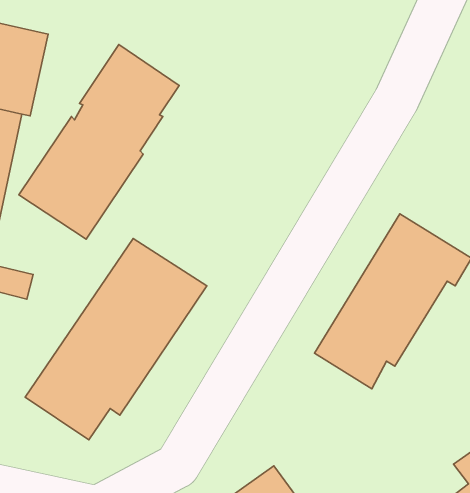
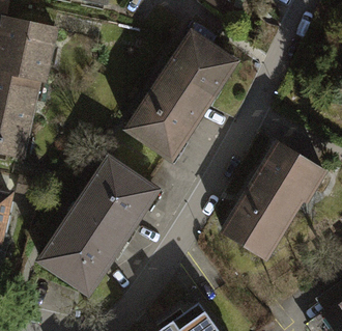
building: [19,44,179,239] -> [129,33,230,157]

